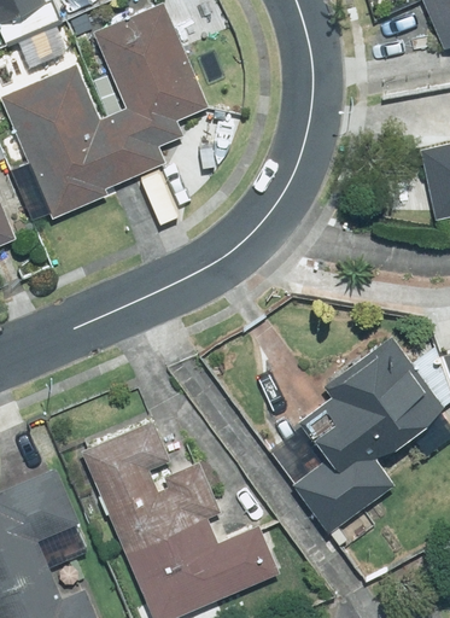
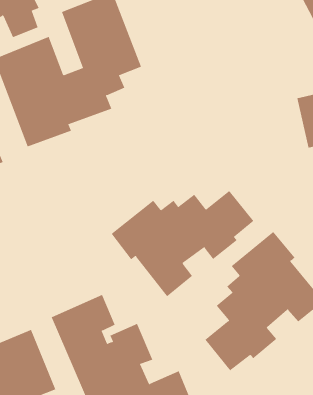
building: none -> [111,190,254,297]

